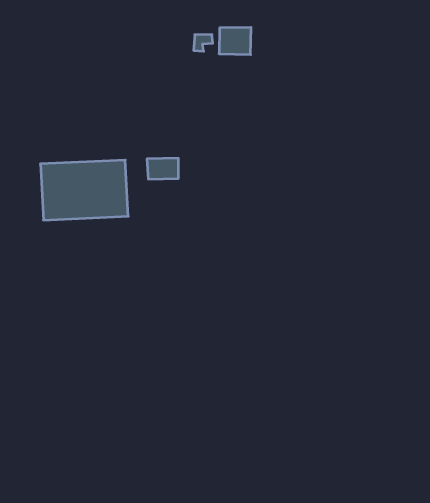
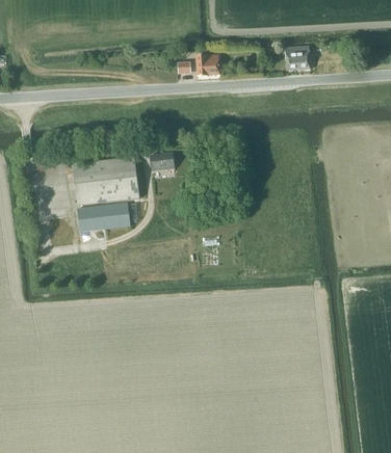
building: none -> [286,45,311,69]
building: none -> [78,202,131,230]

